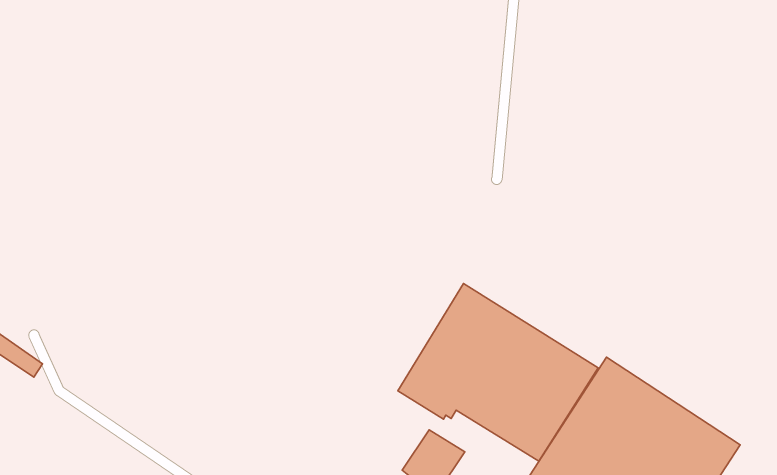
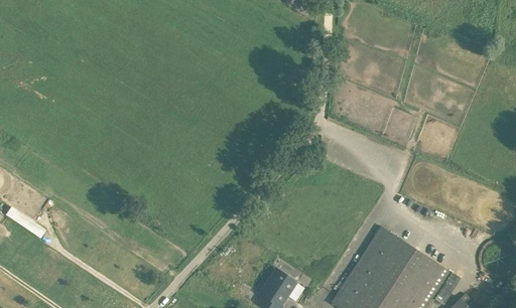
building: [398,284,598,461] -> none

